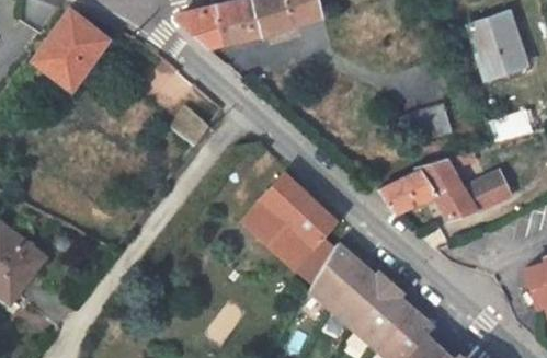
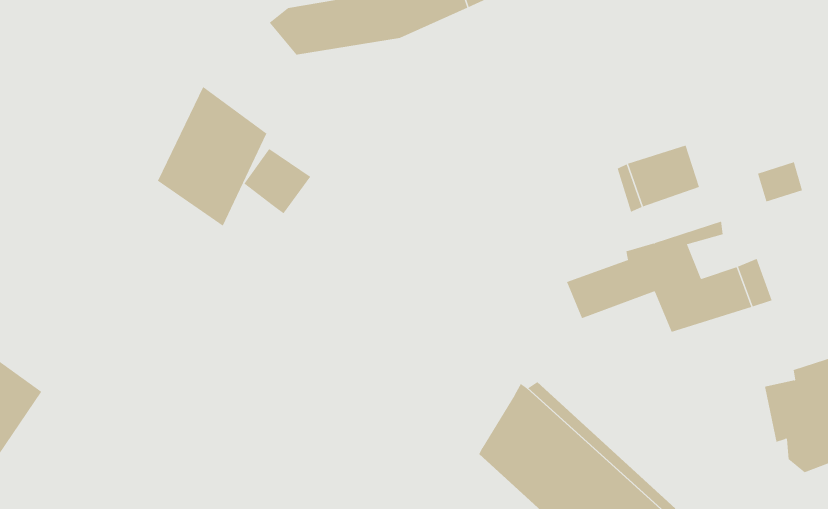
building: [33,9,104,100] -> [157,86,267,226]
building: [480,19,536,83] -> none
building: [250,183,342,293] -> none

